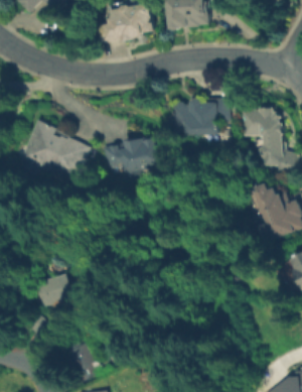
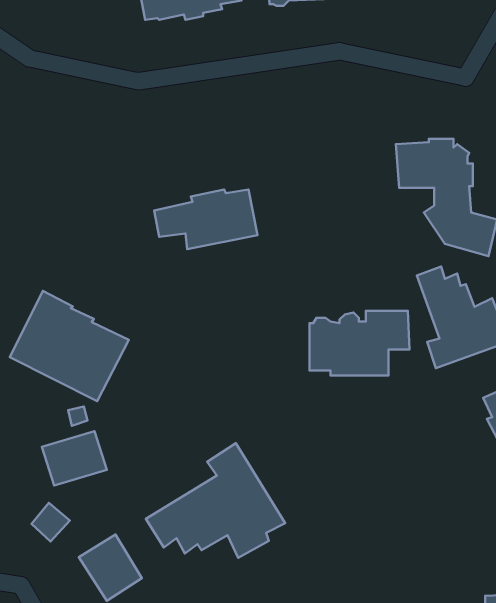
building: [171,97,229,134] -> [310,311,409,376]
building: [20,118,89,181] -> [10,291,129,401]
building: none -> [146,443,285,558]

